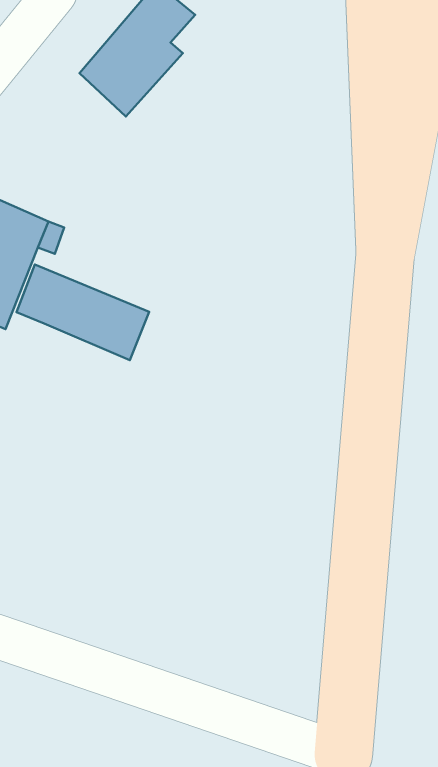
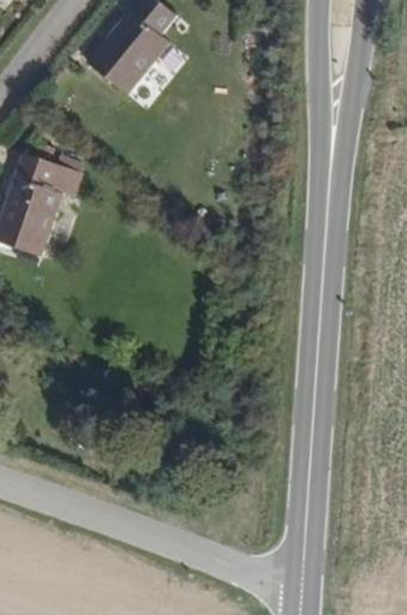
building: [16,265,149,360] -> none

